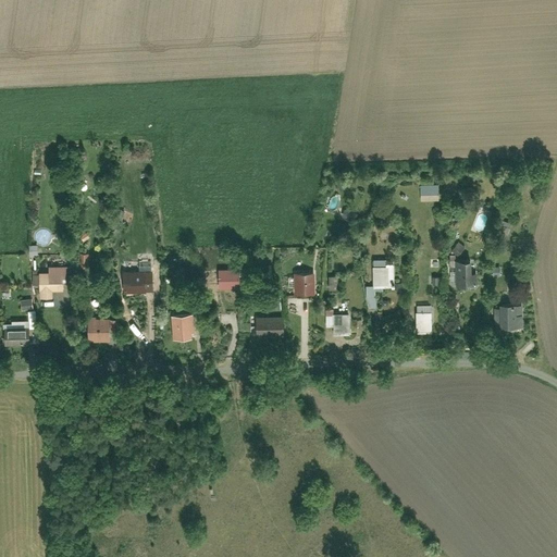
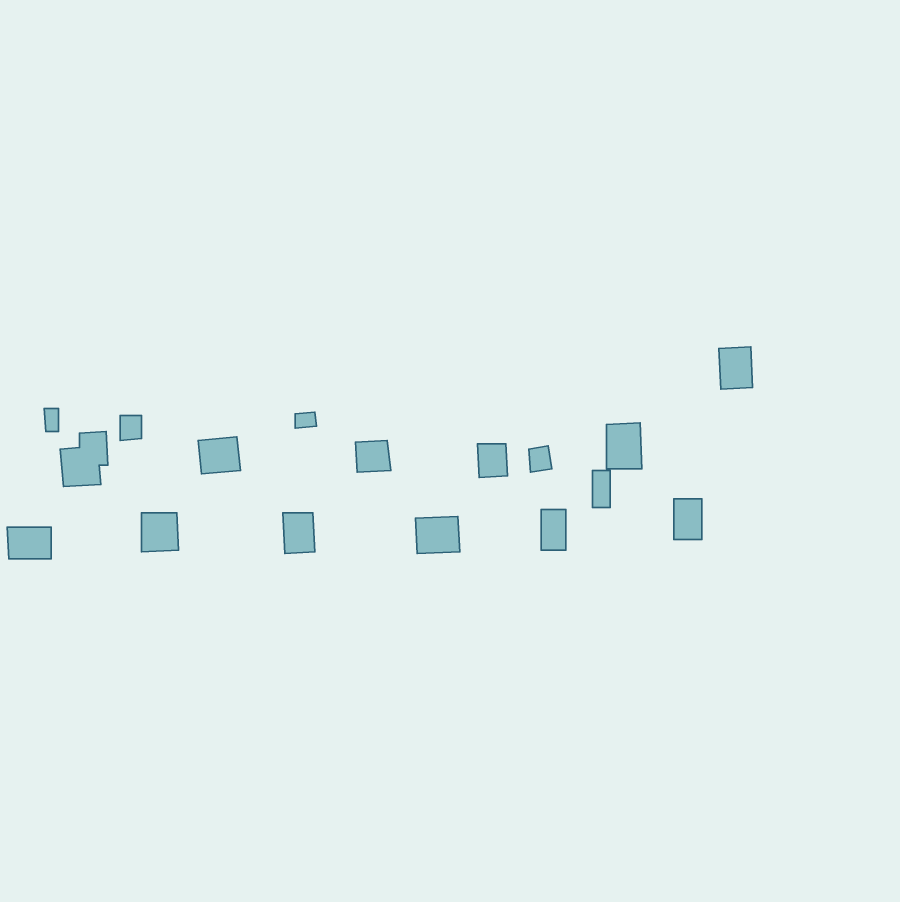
building: [451,259,472,285] -> [719,347,753,389]
building: [502,306,522,331] -> none

